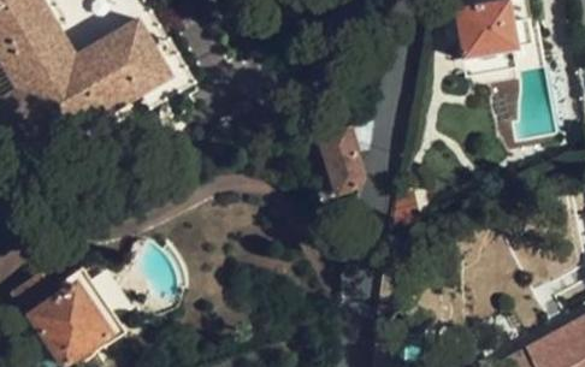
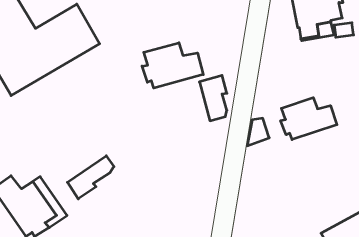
building: none -> [142,43,203,88]
building: none -> [281,98,337,140]
building: none -> [67,156,114,199]

